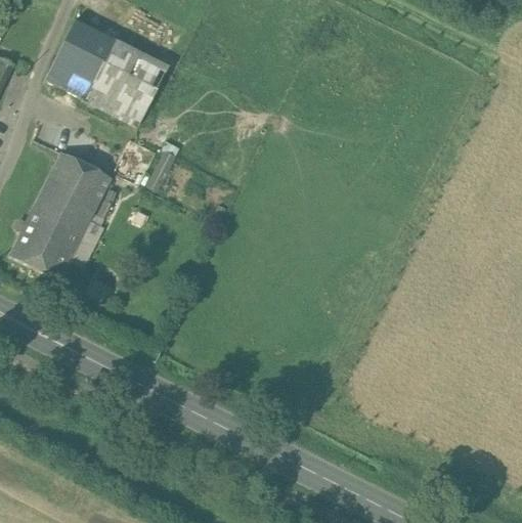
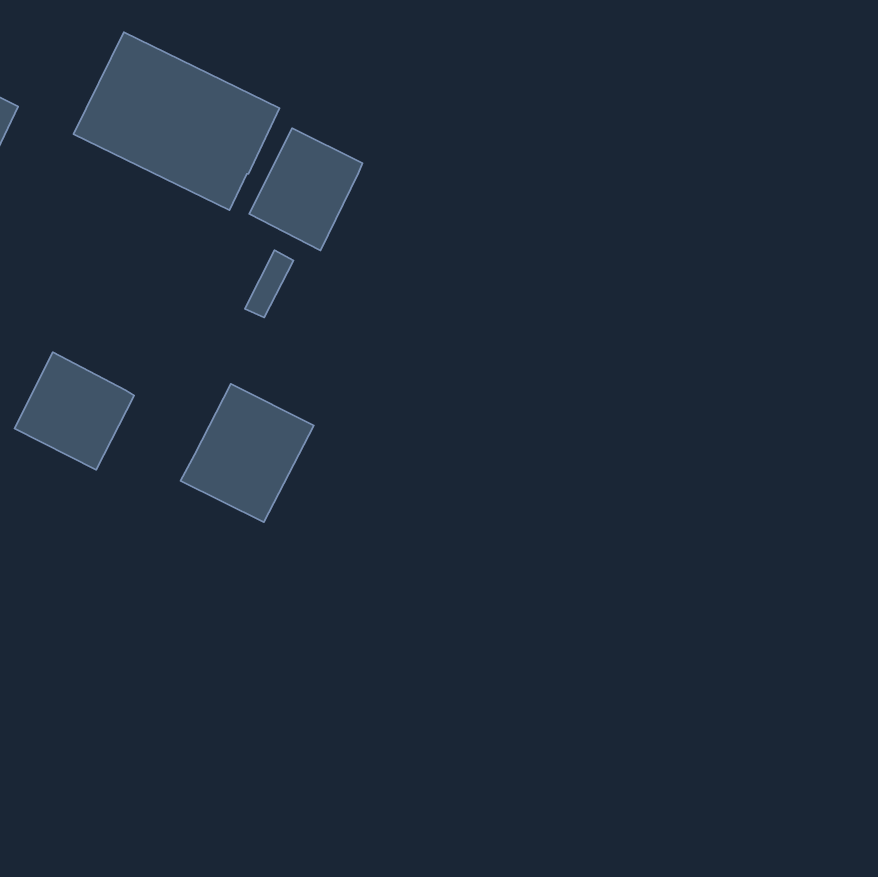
building: none -> [249,128,363,250]
building: [34,151,113,233] -> [181,384,314,522]

